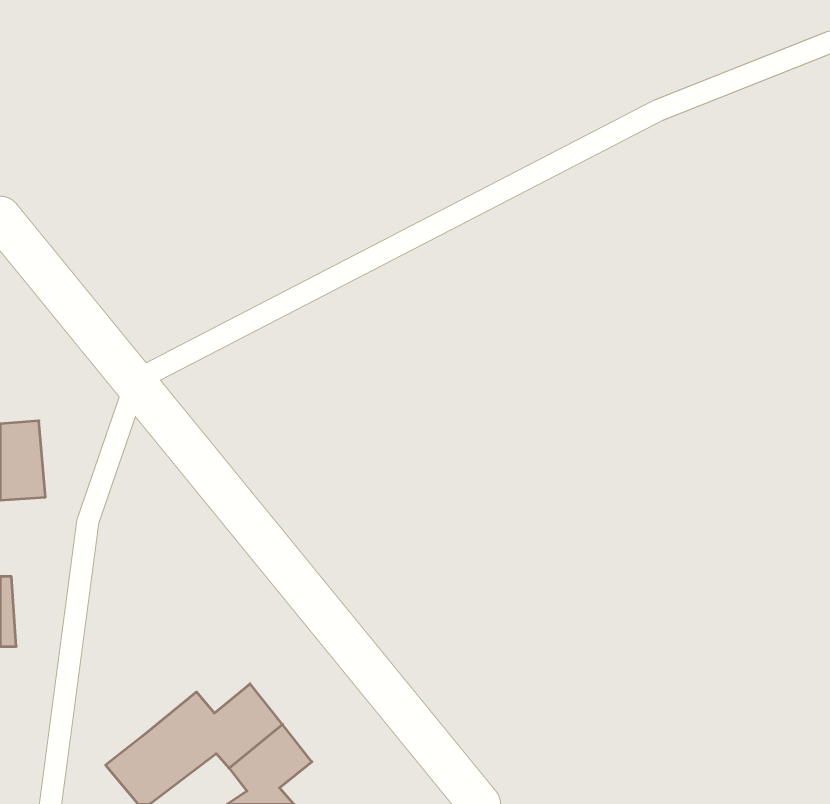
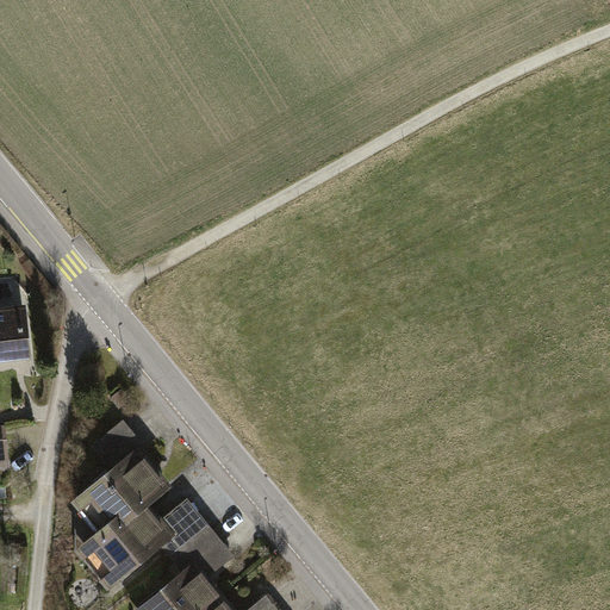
building: none -> [75,421,166,540]

